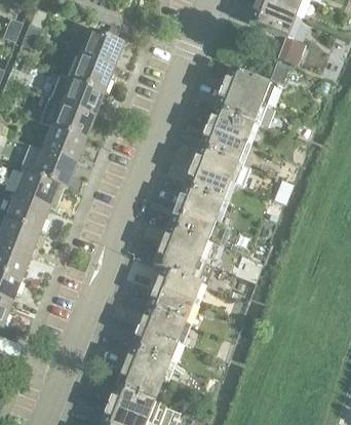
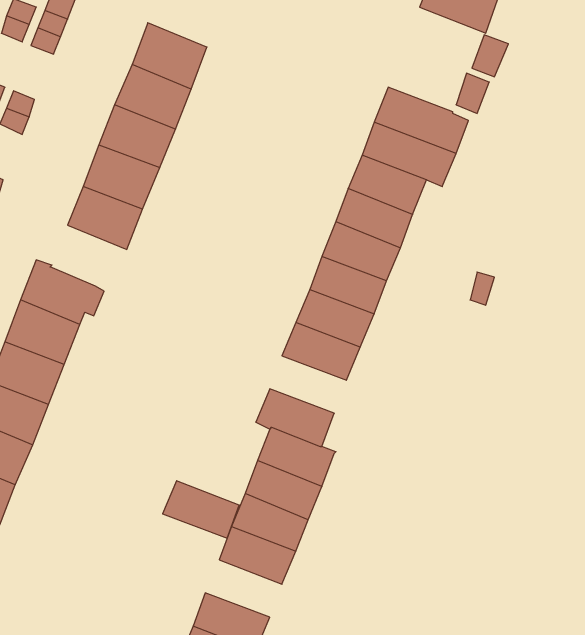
building: [32,148,77,188] -> none
building: [161,225,206,259] -> none
building: [123,345,168,379] -> [163,481,239,538]

